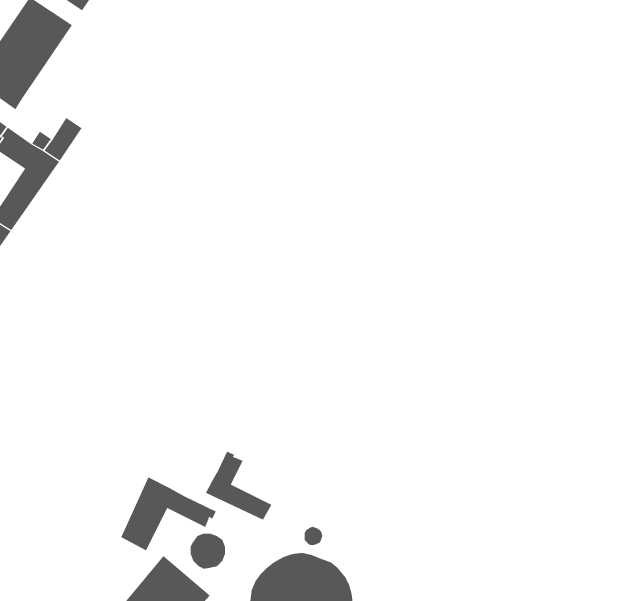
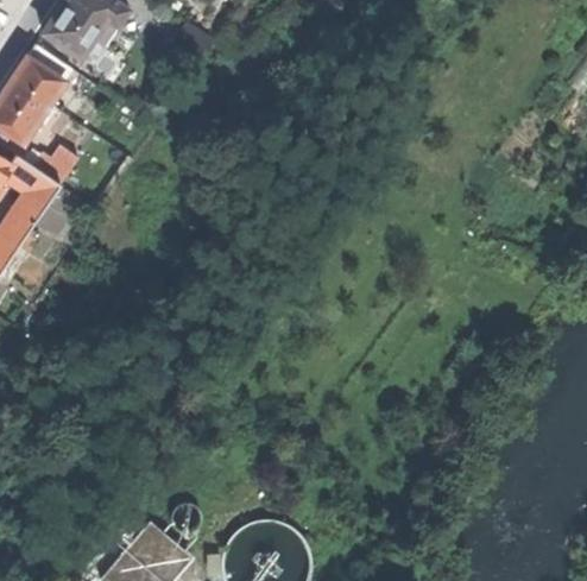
building: [205,451,272,521] -> none
building: [120,477,216,551] -> none

